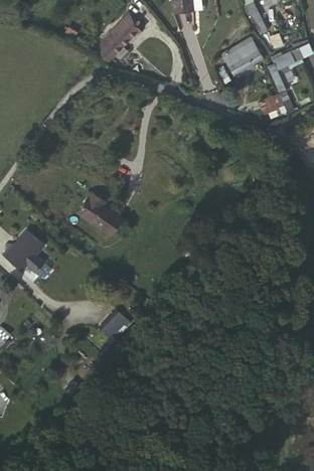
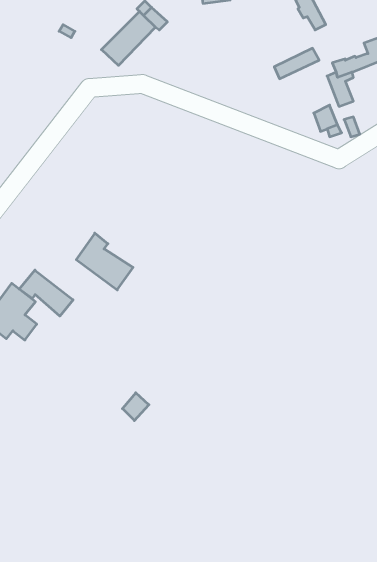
building: [220,37,257,74] -> none
building: none -> [19,270,73,316]

